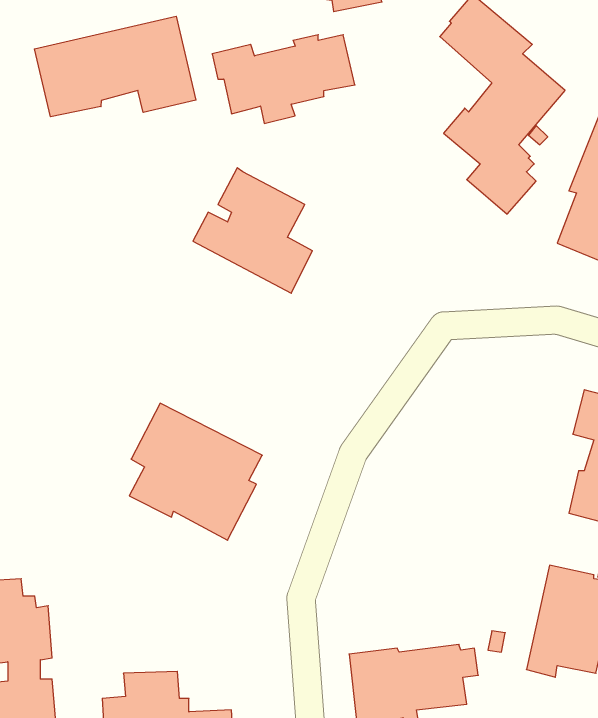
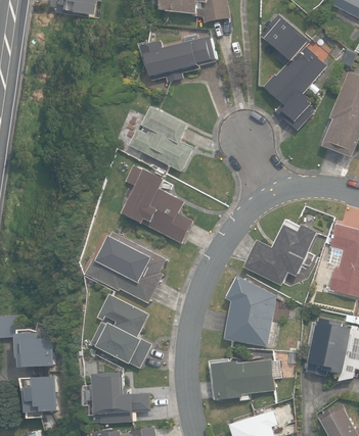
building: [34,16,196,117] -> none
building: none -> [122,165,193,245]
building: none -> [244,225,318,285]
building: none -> [224,276,276,347]
building: none -> [89,293,151,369]

